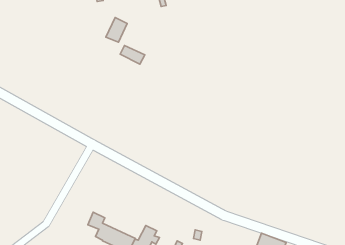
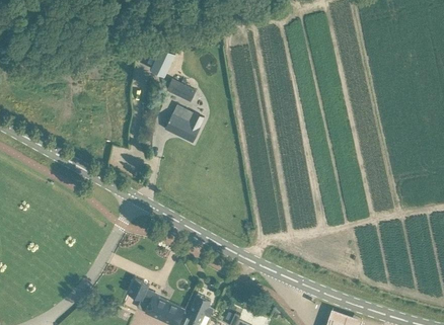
building: none -> [163,112,203,142]

